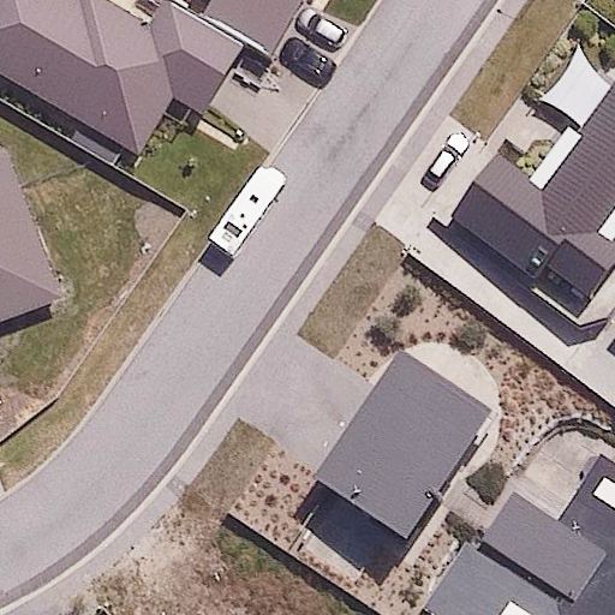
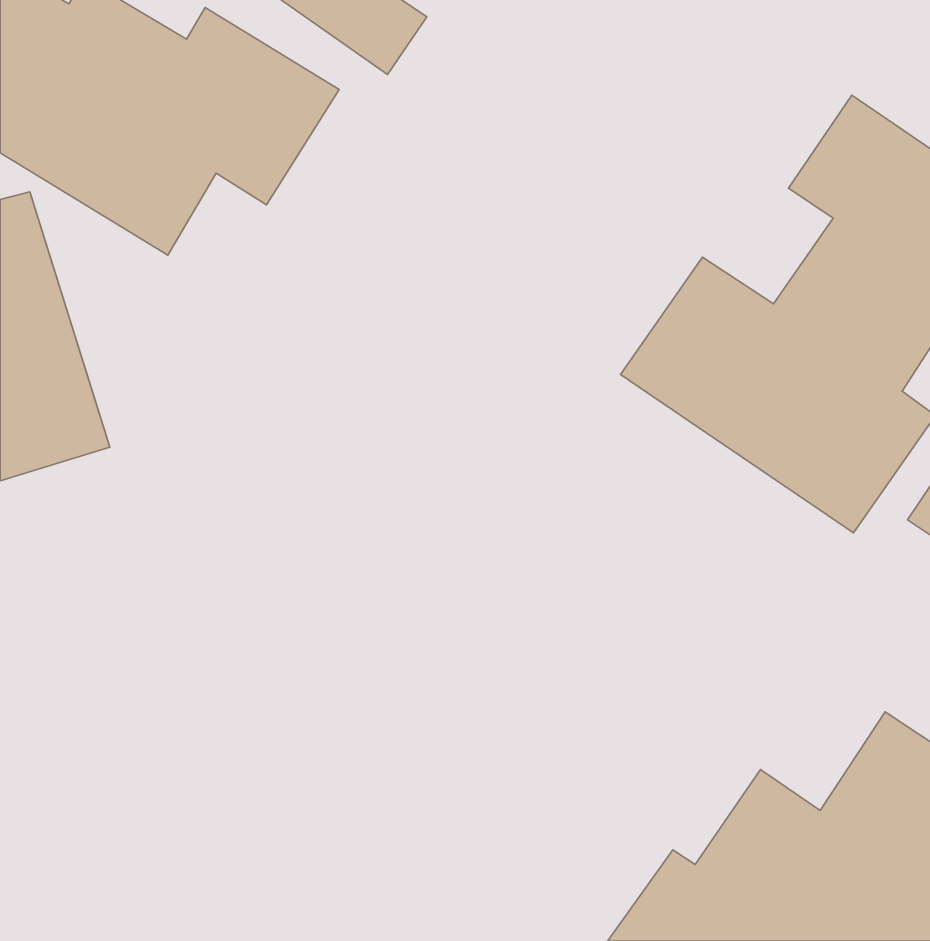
building: [328,347,515,543] -> none

